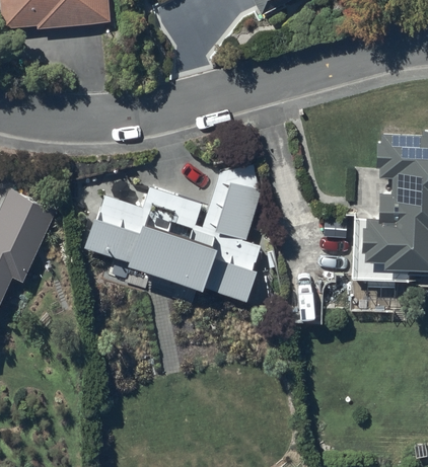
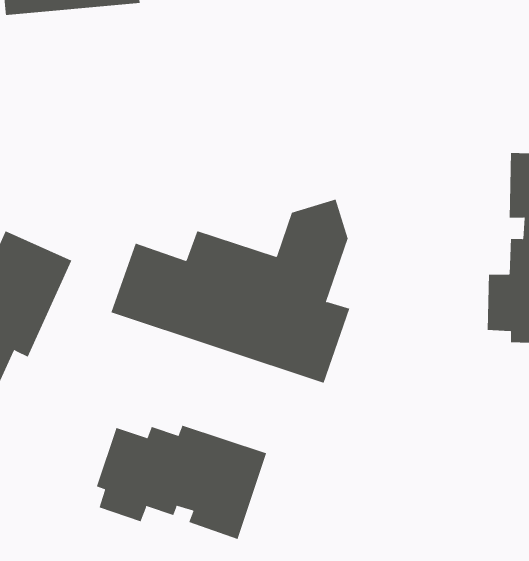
building: none -> [96,425,267,540]

